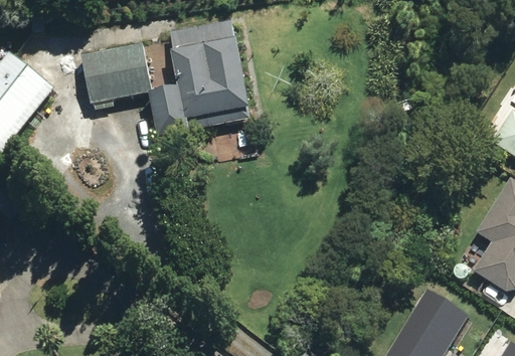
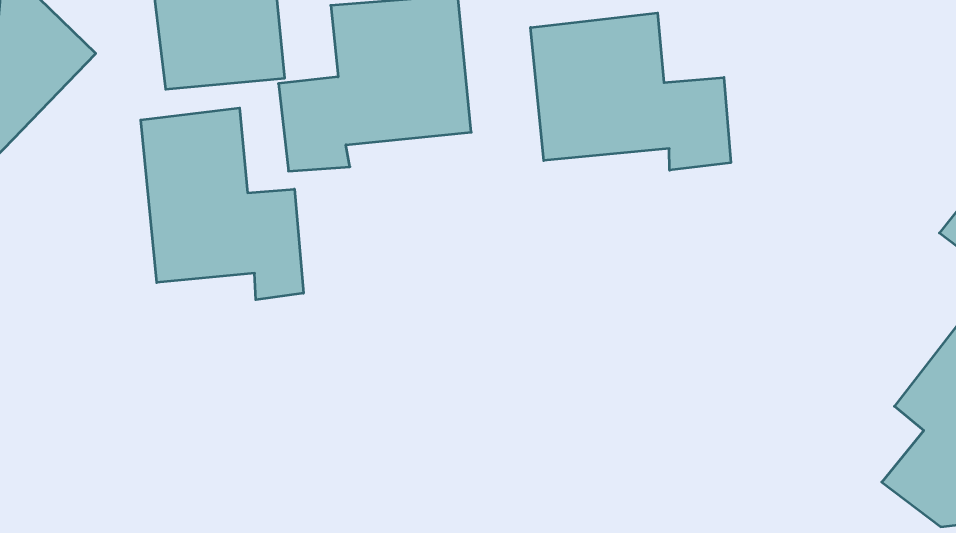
building: none -> [531,13,731,170]
building: none -> [141,108,303,300]

